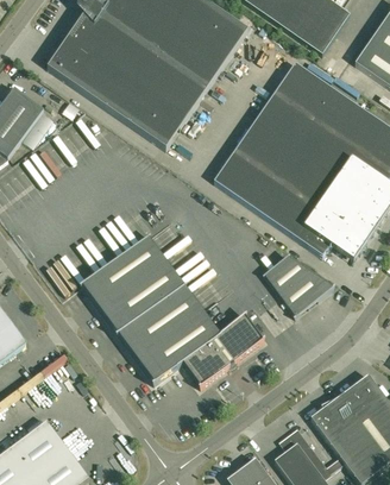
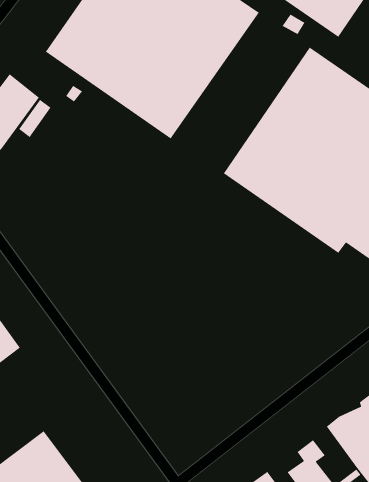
building: [82,234,263,385] -> none
building: [264,256,333,315] -> none

